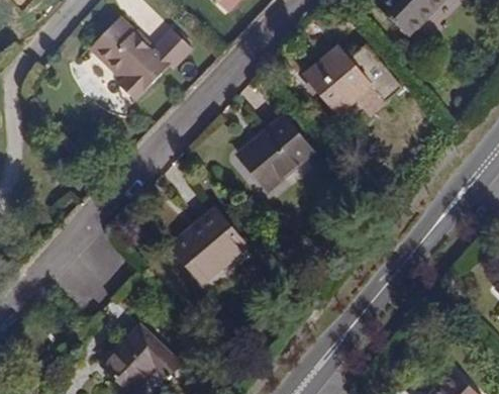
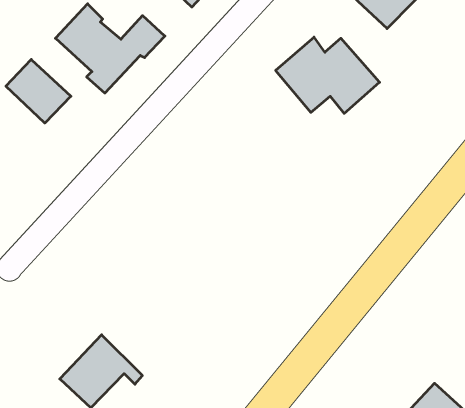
building: none -> [6,59,71,123]
building: [238,116,313,191] -> none
building: [170,208,246,284] -> none

